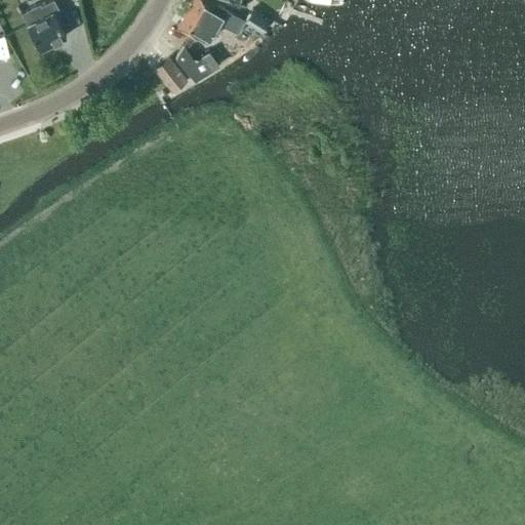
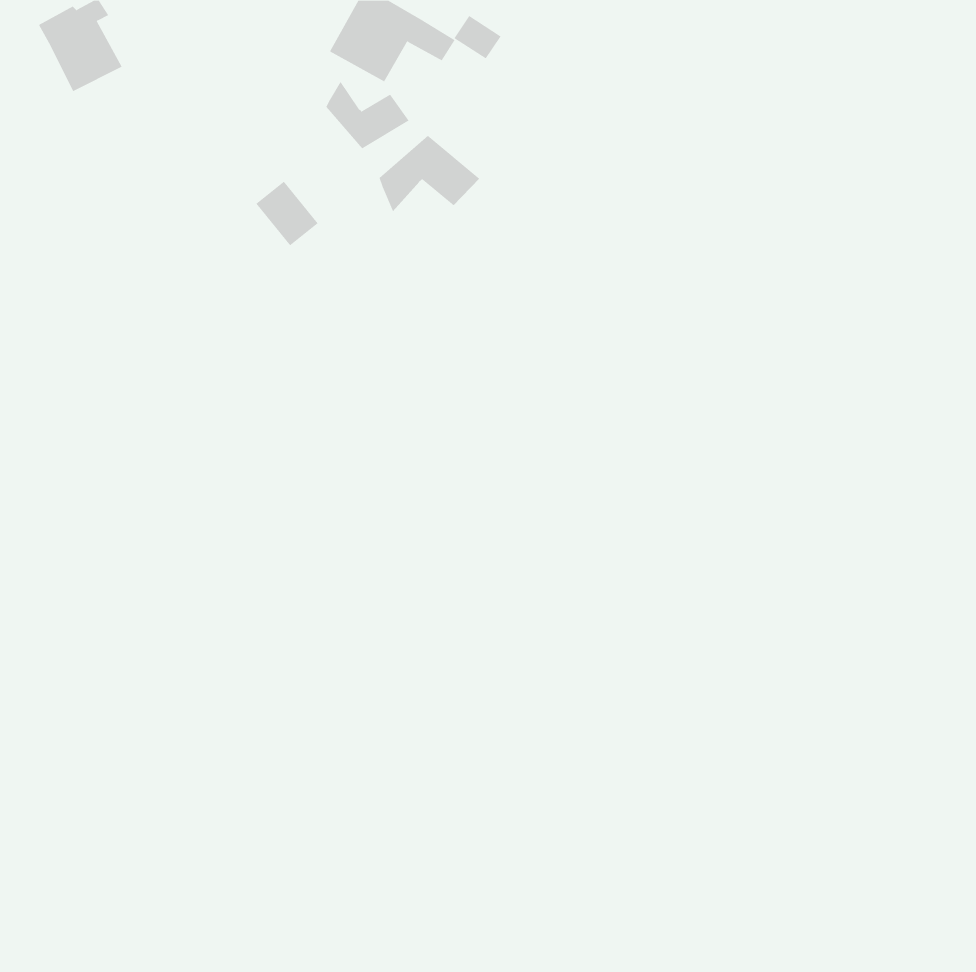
building: [154,59,188,94] -> [255,181,319,246]
building: none -> [379,135,480,212]

